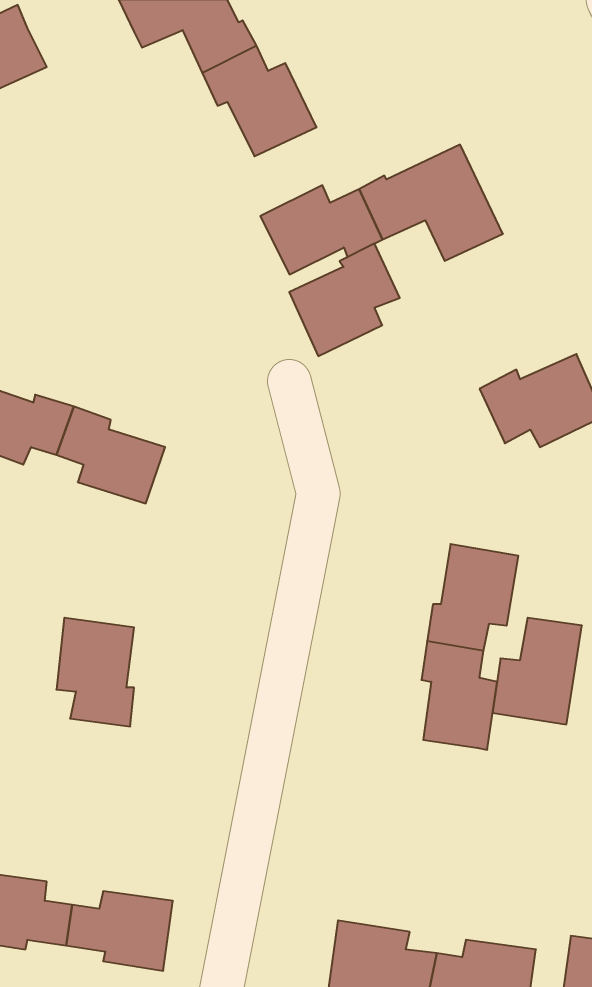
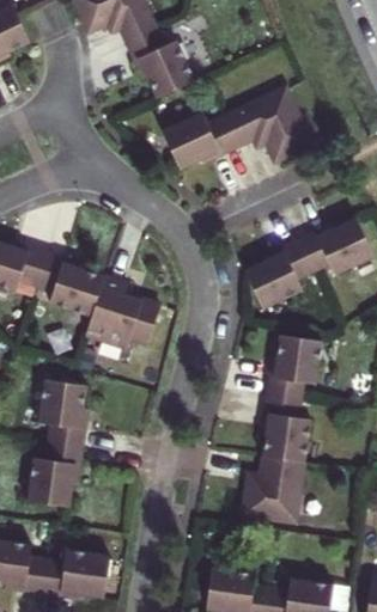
building: [289,244,400,356] -> [247,240,315,310]
building: none -> [89,276,162,343]
building: [493,618,582,724] -> [243,457,298,522]
building: none -> [29,443,84,509]

